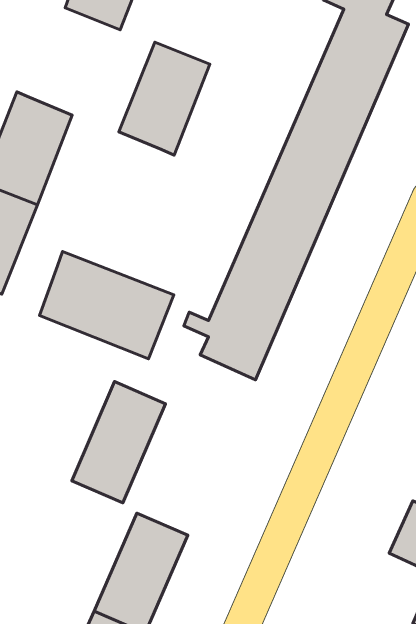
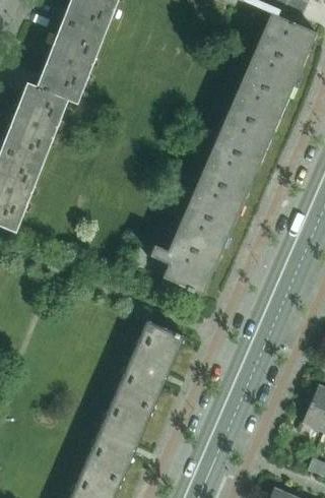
building: [119,42,210,155] -> [36,20,103,104]
building: [40,251,174,359] -> none
building: [72,382,166,503] -> [115,320,184,410]

